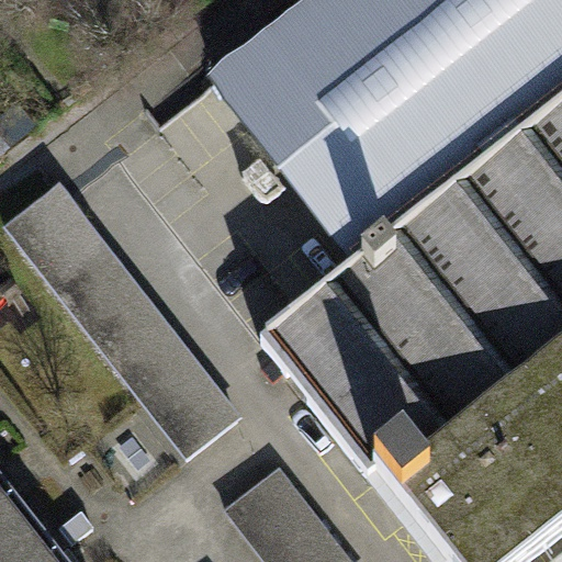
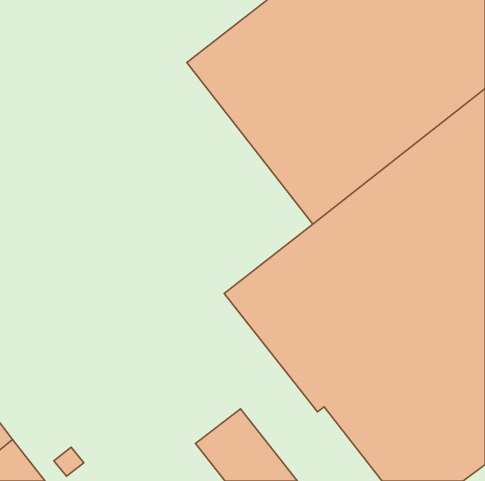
building: [4,187,240,459] -> none

